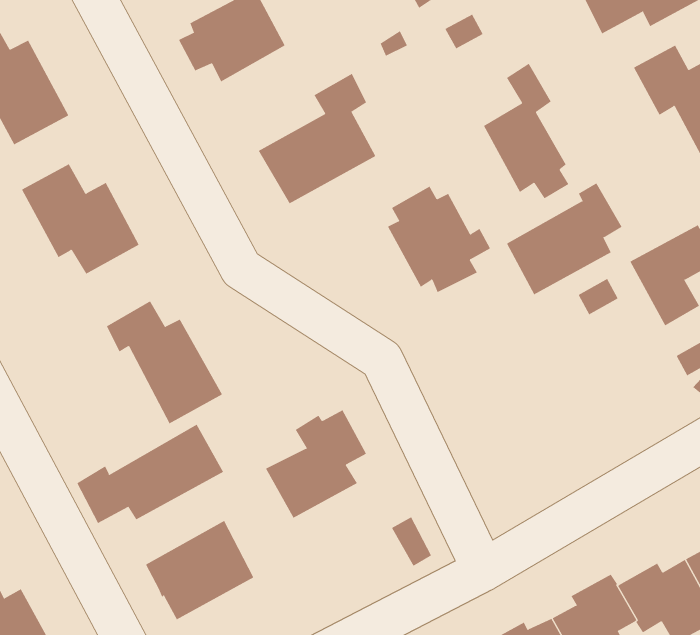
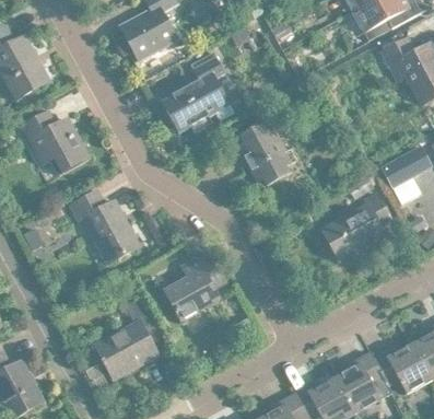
building: [483,63,569,199] -> none
building: [506,182,623,295] -> [322,193,391,259]
building: [76,424,224,524] -> none

